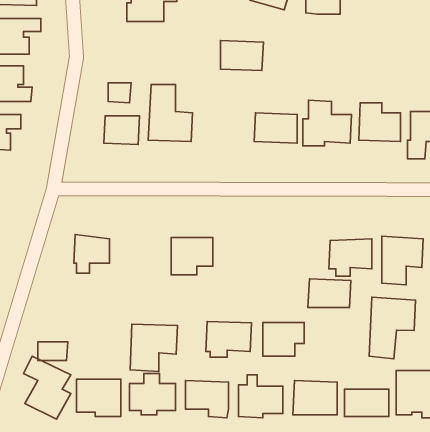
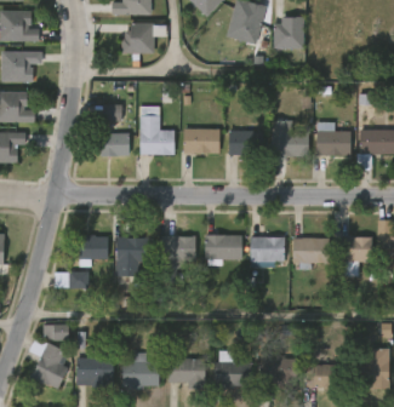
building: [220,41,263,71] -> [184,128,221,154]
building: none -> [52,270,88,288]
building: [308,279,351,308] -> [247,236,284,260]
building: [369,297,416,359] -> none
building: [206,321,252,357] -> [201,234,240,264]
building: [263,322,304,356] -> none
building: [130,324,178,371] -> [113,236,153,276]

